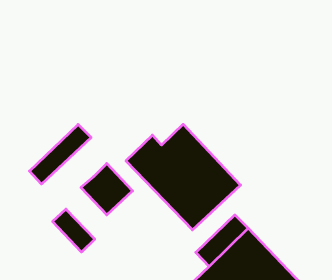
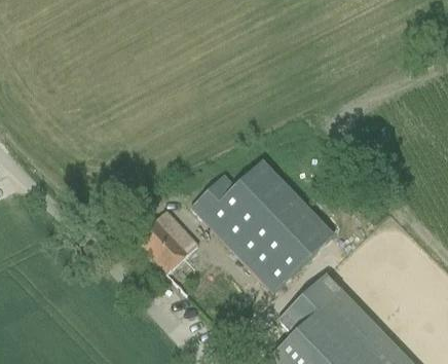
building: [29,124,91,184] -> none
building: [53,209,95,252] -> none

